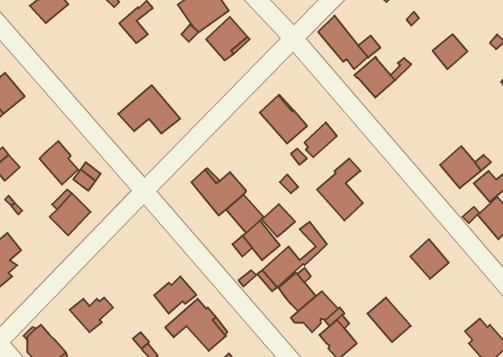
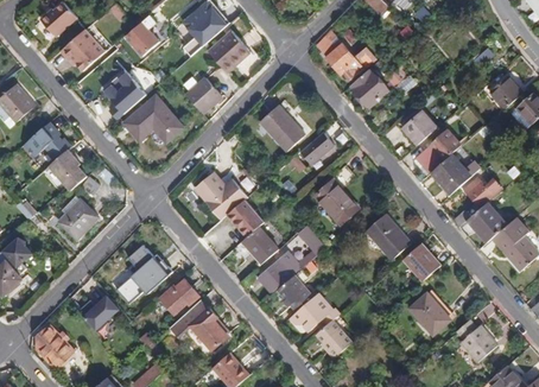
building: none -> [59,30,103,70]
building: [433,34,467,69] -> [402,112,436,145]
building: none -> [103,71,145,119]
building: none -> [185,76,221,113]
building: none -> [23,121,70,159]
building: none -> [416,128,461,172]
building: [262,204,295,237] -> none
building: none -> [366,214,412,259]
building: none -> [114,243,171,303]
building: [367,297,411,342] -> [408,292,450,335]

